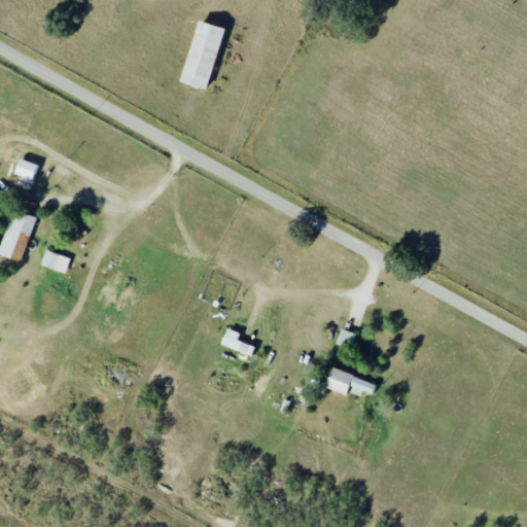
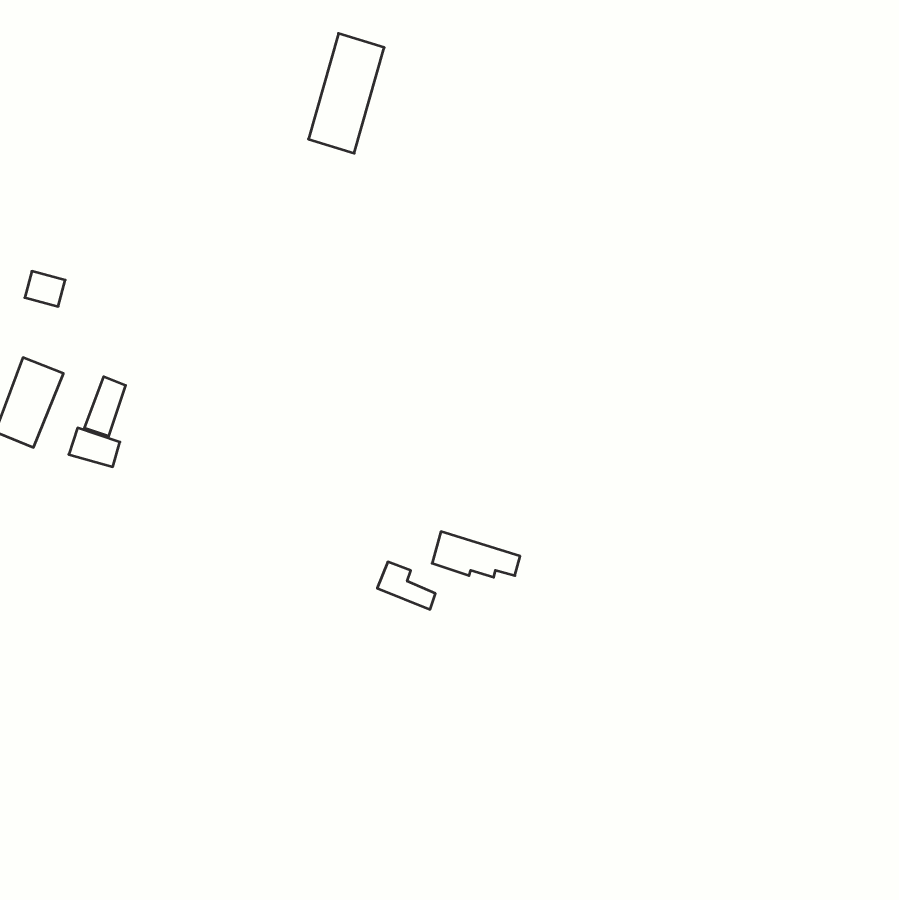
building: none -> [84,377,126,436]
building: [325,368,377,395] -> [432,532,520,577]

